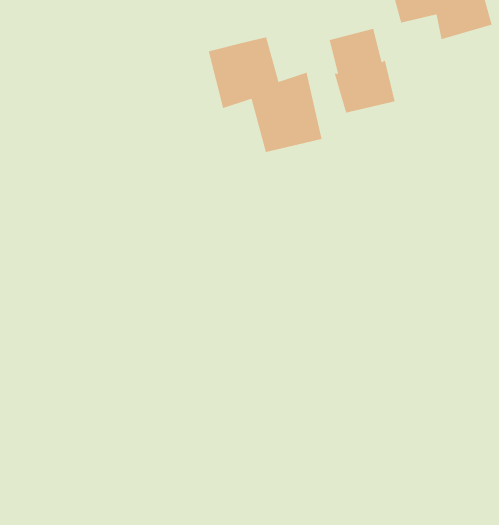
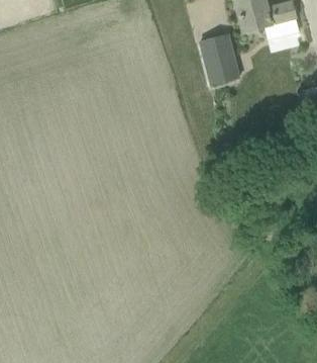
building: [208,36,322,153] -> none

